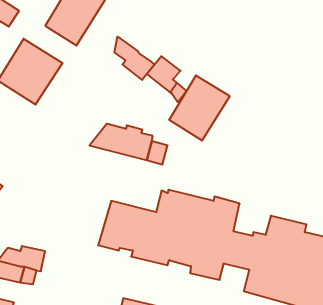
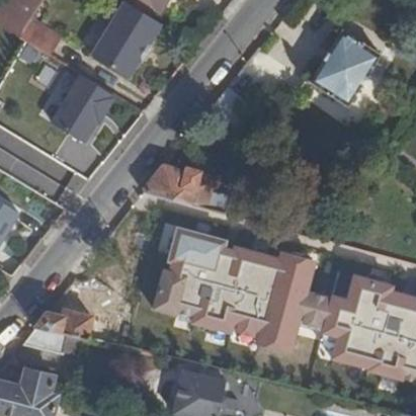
building: [115,37,154,80] -> none
building: [169,75,230,141] -> [309,31,380,107]
building: none -> [164,223,229,271]

